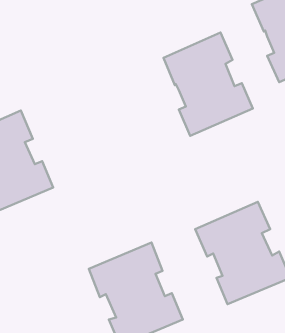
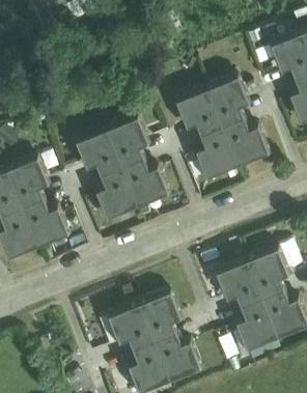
building: none -> [79,113,171,218]

